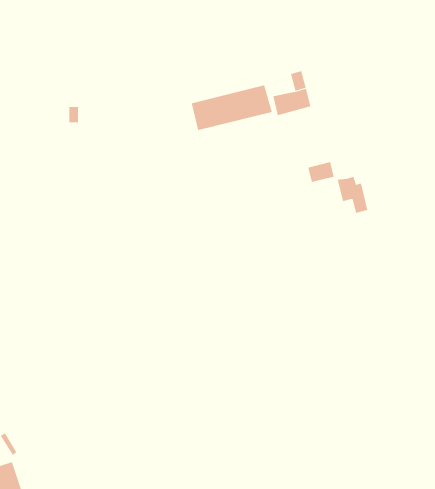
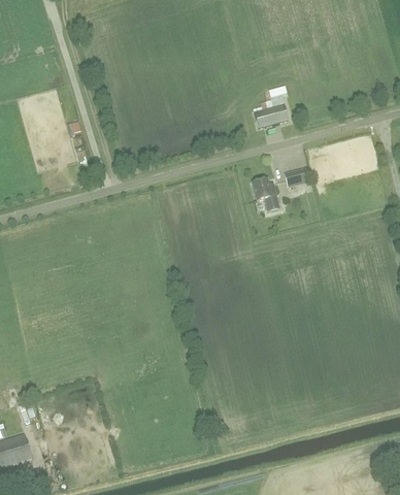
building: [191,84,272,131] -> none
building: [337,176,368,214] -> [252,178,279,211]

